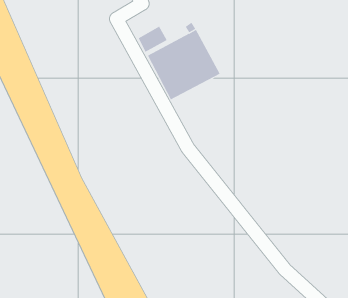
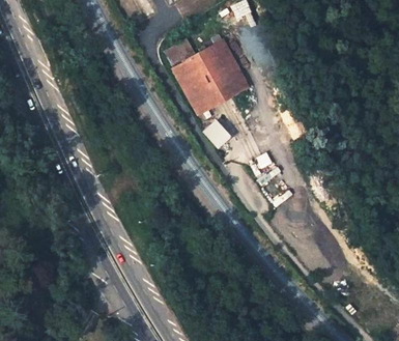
building: none -> [202,117,232,147]

